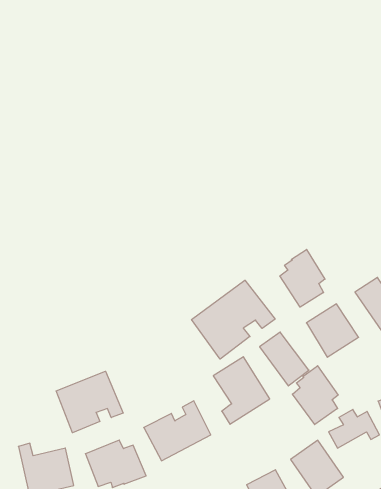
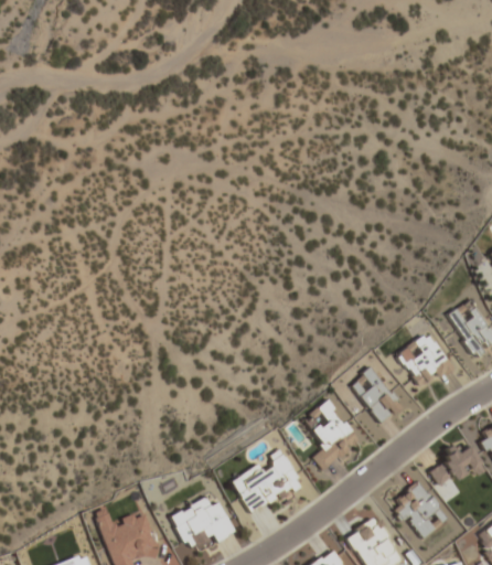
building: [280,249,325,307] -> none
building: [192,280,275,359] -> none
building: [292,366,338,425] -> none
building: [56,371,123,433] -> none

